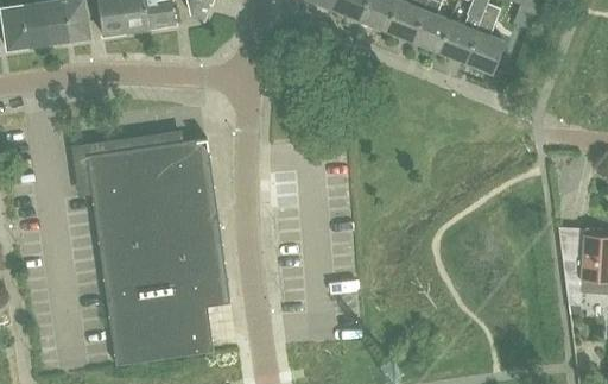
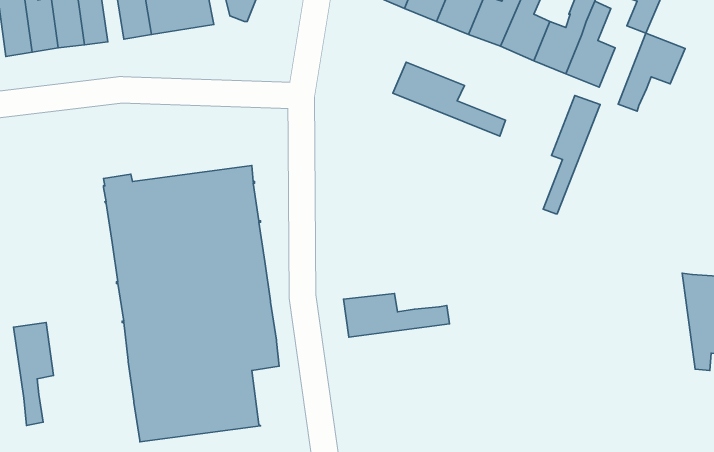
building: none -> [618,33,685,111]
building: none -> [393,62,506,136]
building: none -> [543,96,600,214]
building: none -> [344,293,450,337]
building: none -> [13,322,54,425]

